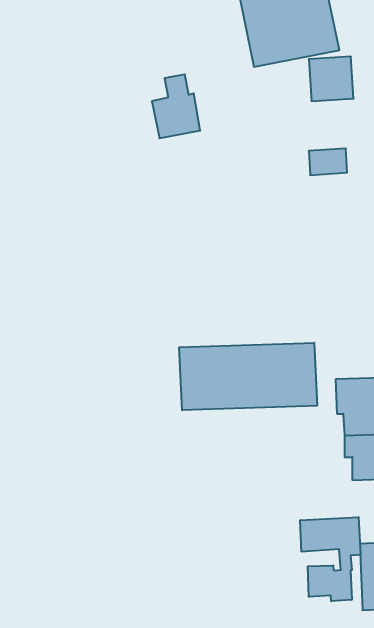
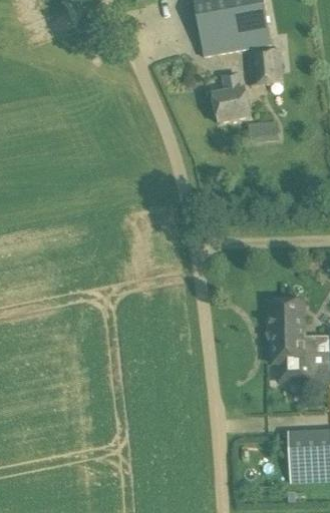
building: [152,74,200,138] -> [212,73,250,123]
building: [179,343,317,410] -> none
building: [300,517,360,601] -> none

